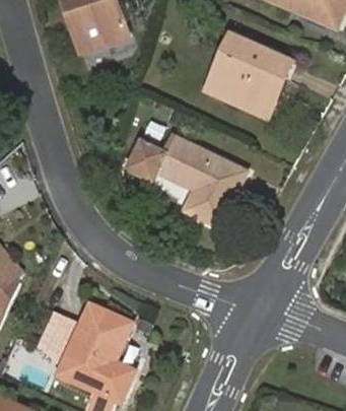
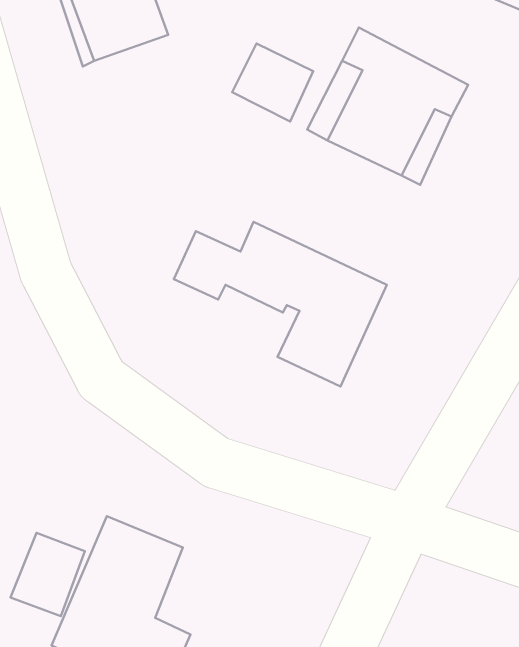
building: none -> [232,43,313,121]

